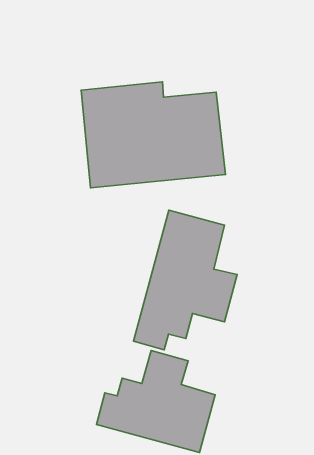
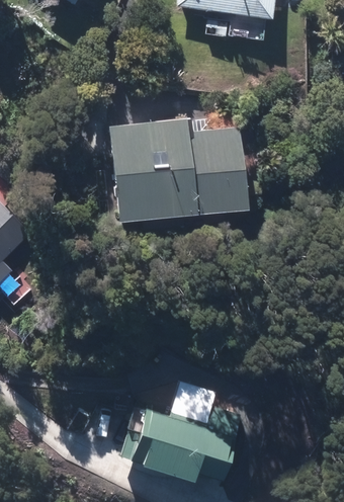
building: [133,210,237,350] -> none

